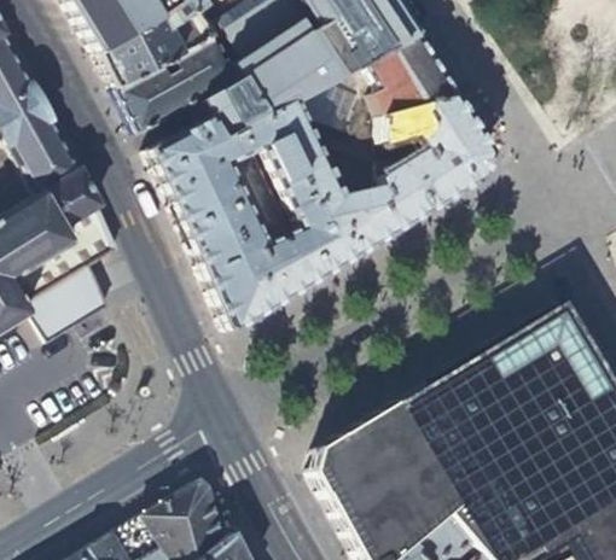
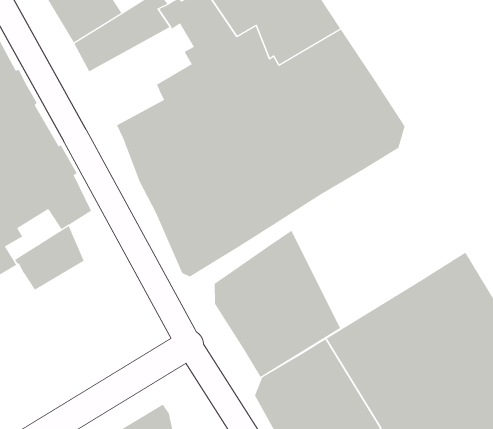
building: [120,33,240,132] -> none
building: none -> [214,230,341,378]

